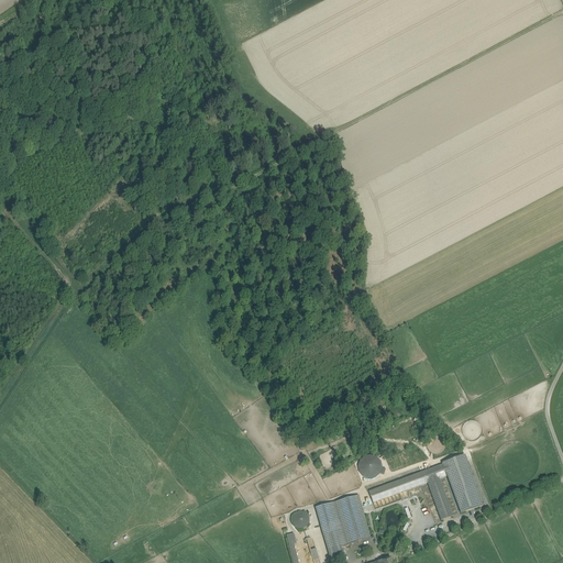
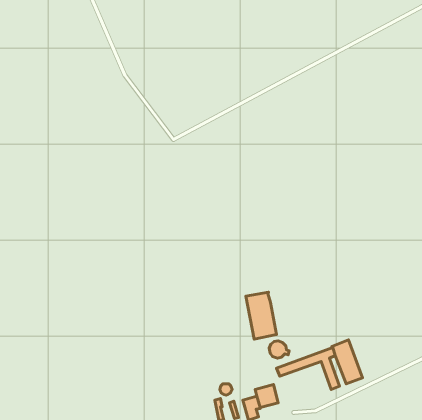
building: none -> [246,292,276,339]
building: [316,494,364,533] -> none

